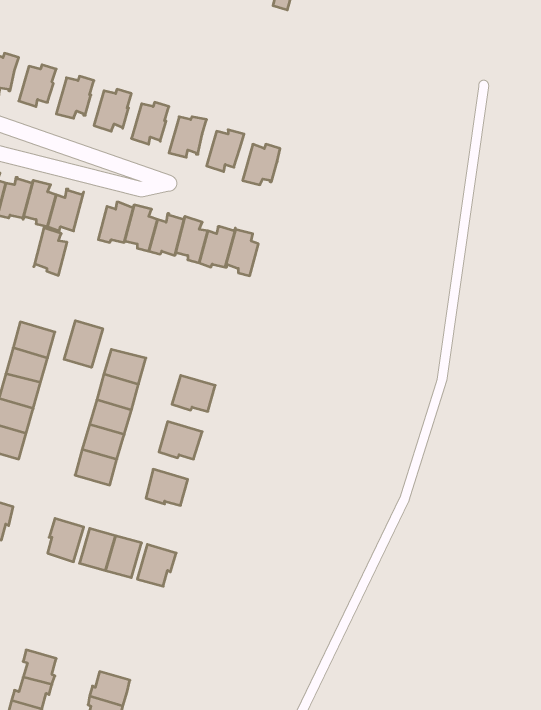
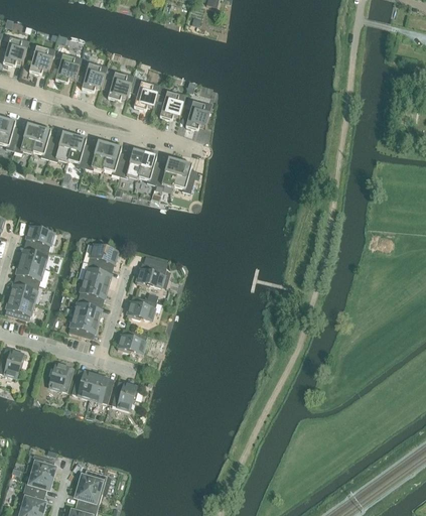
building: [34,228,67,275] -> [67,134,91,167]
building: [64,321,103,367] -> none

